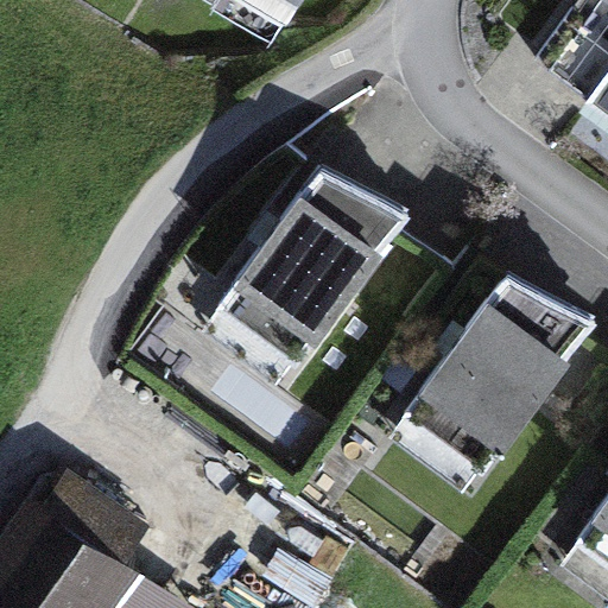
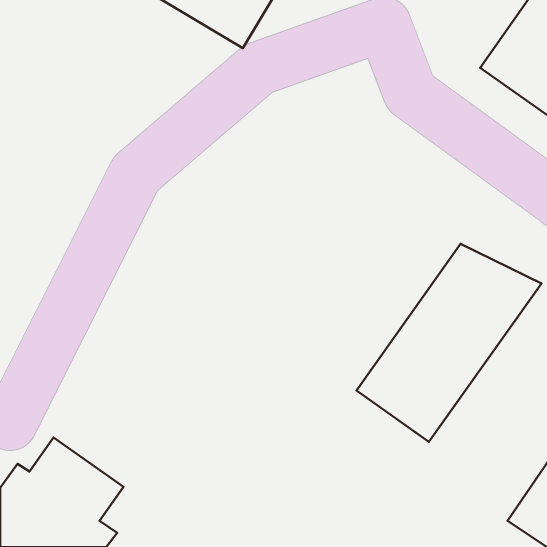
building: [207,169,407,384] -> none

